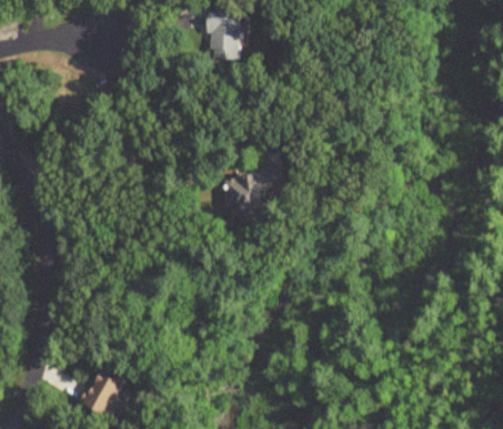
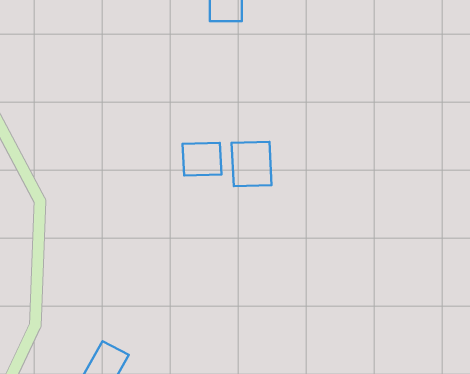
building: none -> [182,143,221,176]

